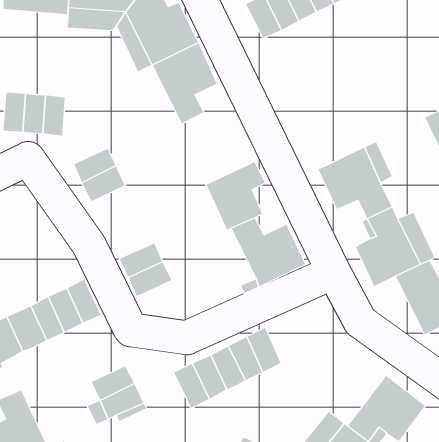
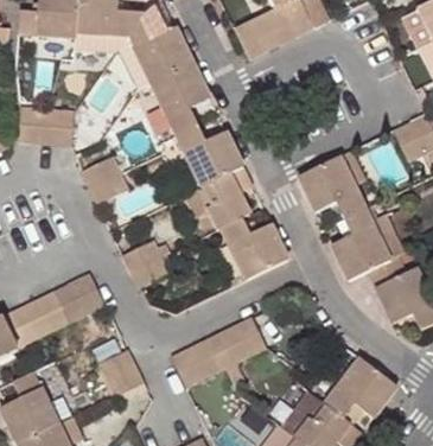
building: none -> [177,123,242,186]

